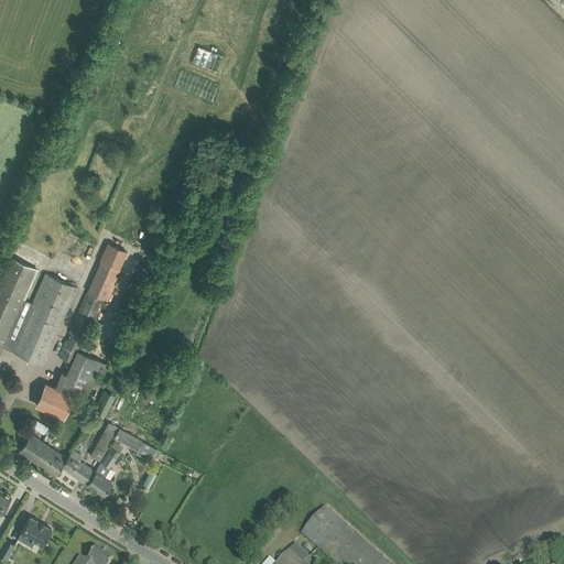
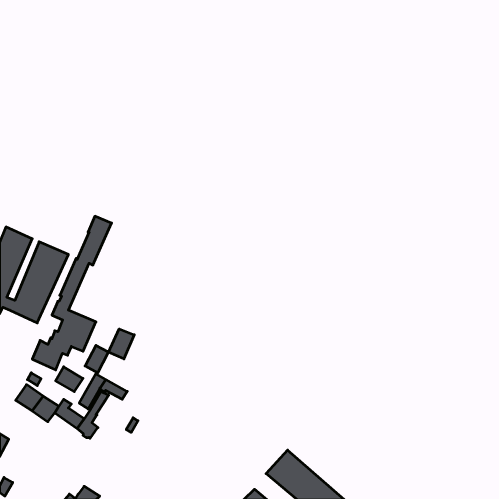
building: none -> [109,329,134,359]
building: none -> [56,367,83,392]
building: [17,517,51,546] -> none

